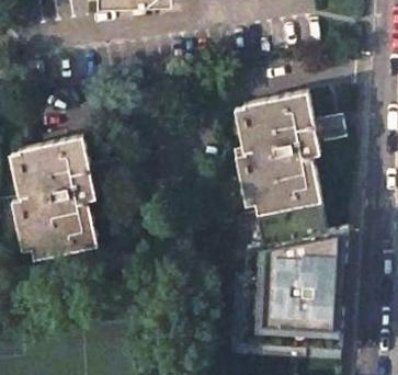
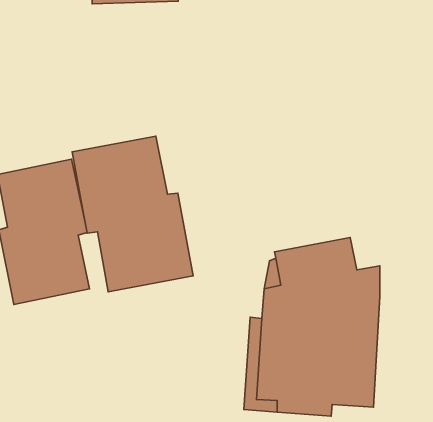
building: [243,93,321,216] -> none
building: none -> [72,136,193,292]

